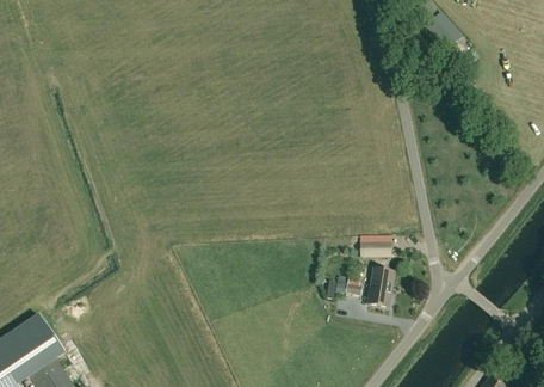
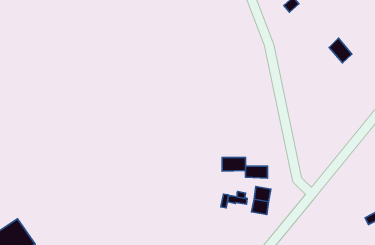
building: [426,12,458,47] -> [329,38,352,63]
building: none -> [222,158,246,171]

